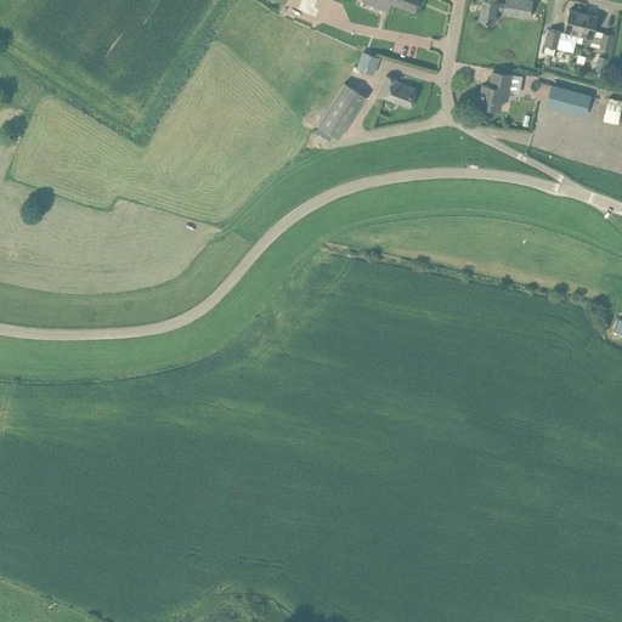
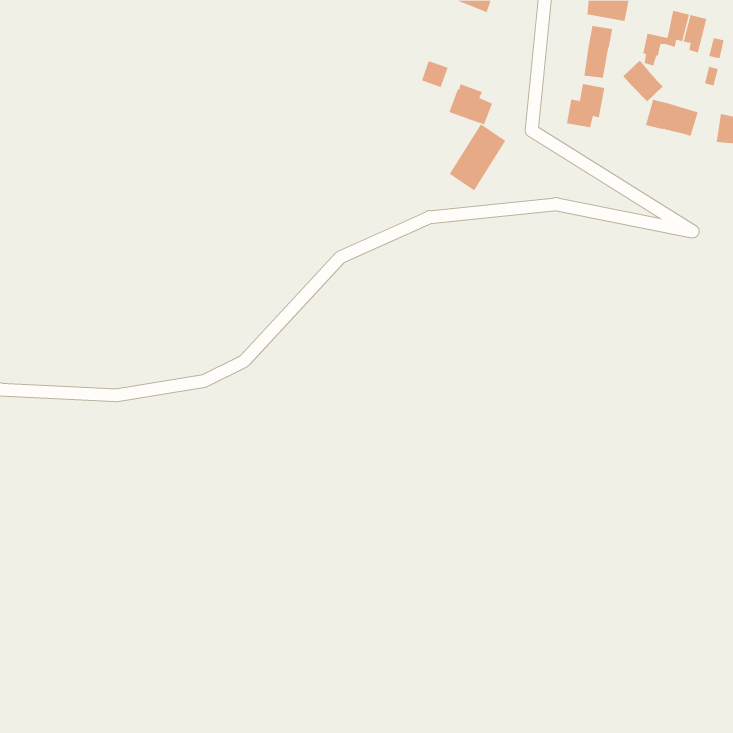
building: none -> [584,25,613,79]
building: none -> [623,60,663,102]
building: [318,83,367,140] -> [449,124,506,191]

